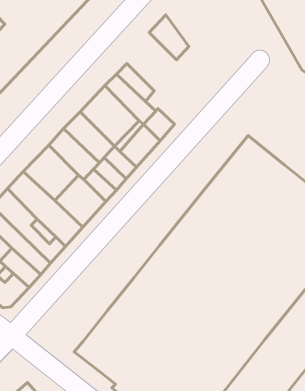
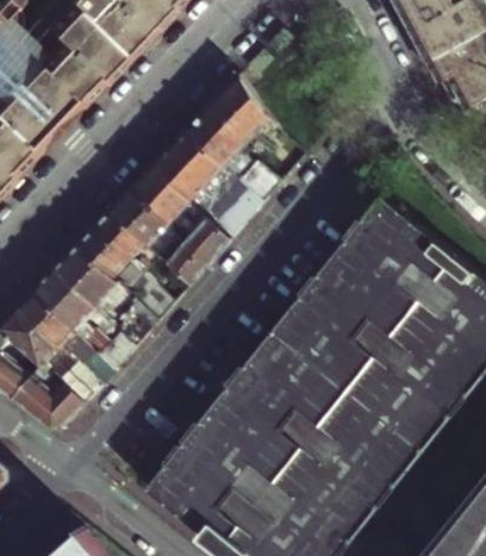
building: [149,15,189,60] -> [216,74,269,135]

